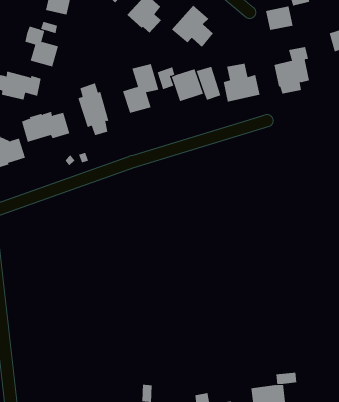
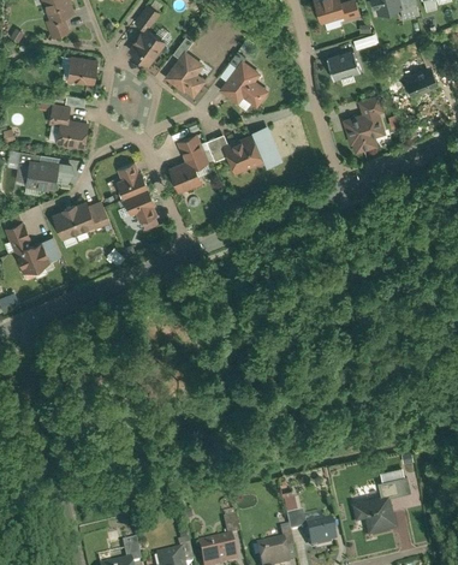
building: [223,63,260,103] -> none

